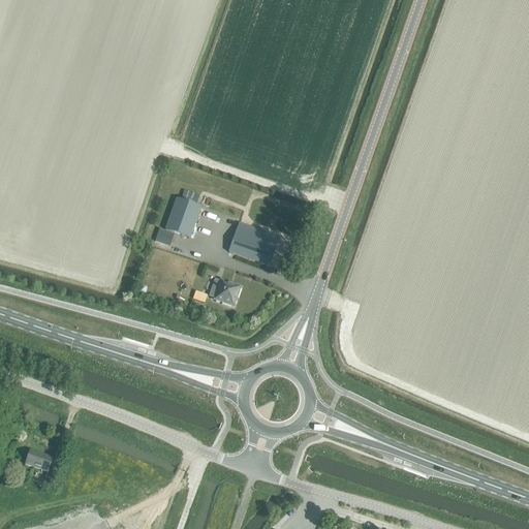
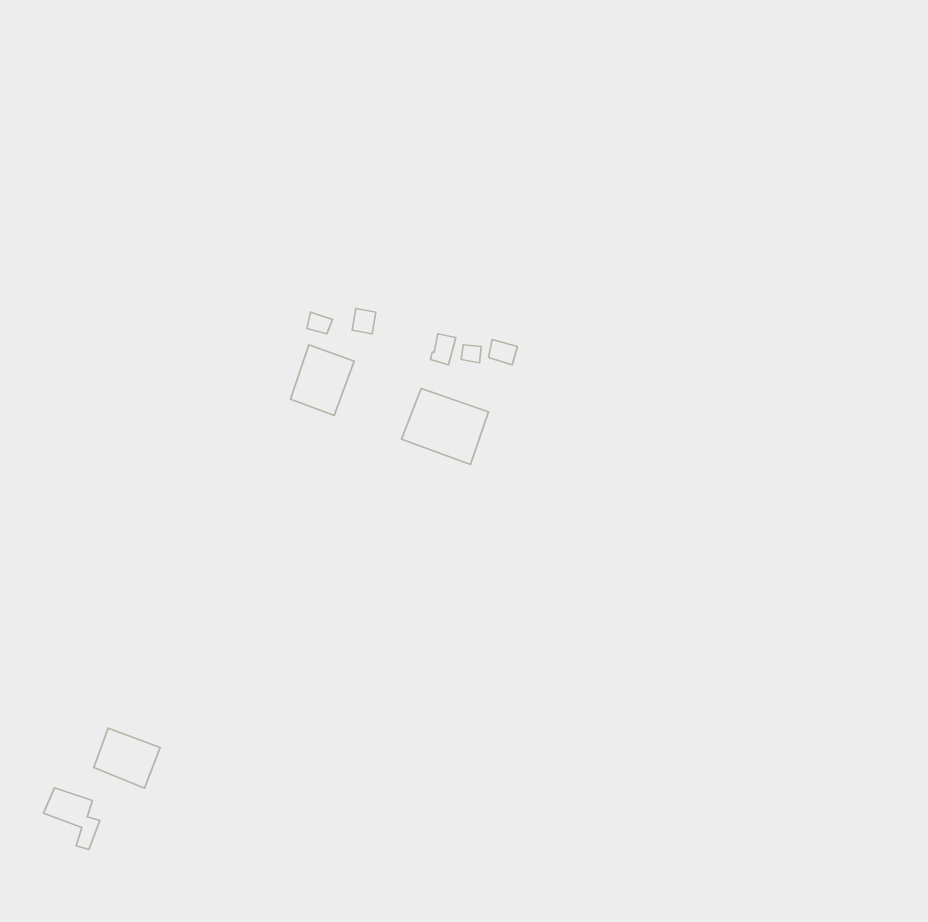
building: [214,278,241,305] -> none
building: none -> [94,728,160,788]

